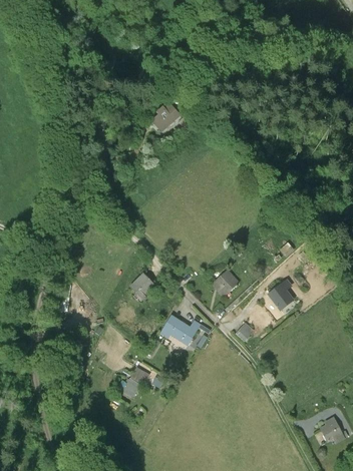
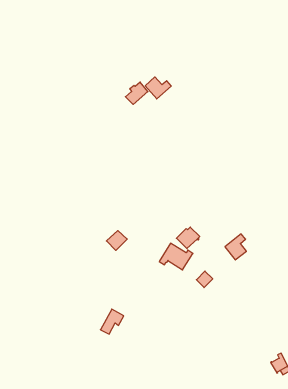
building: none -> [145,77,171,99]
building: [160,314,200,345] -> [159,243,193,270]

